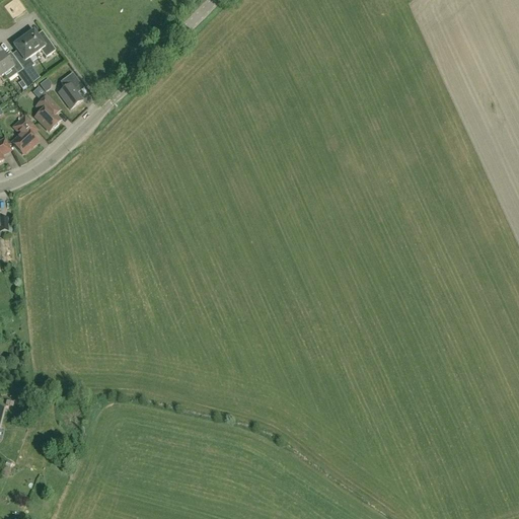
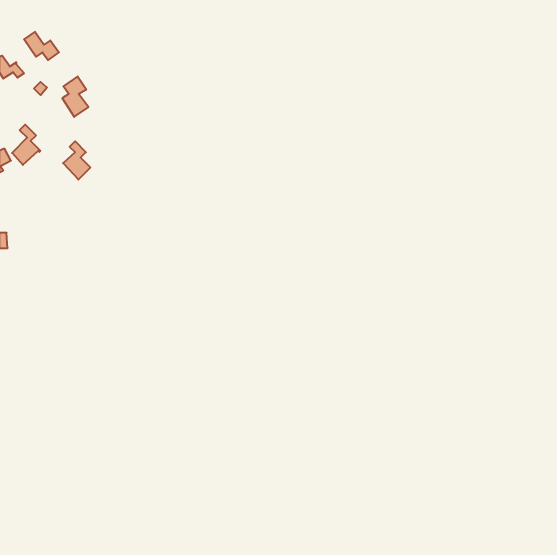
building: [12,36,33,70] -> none
building: [34,95,60,131] -> [63,141,90,180]

